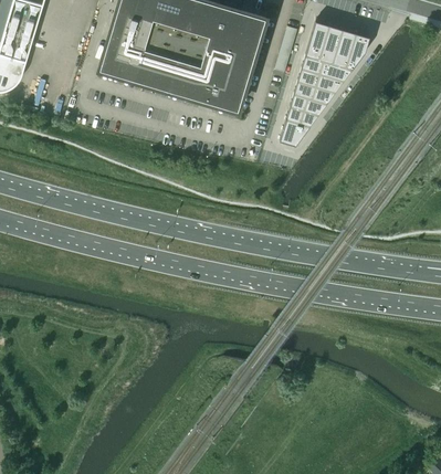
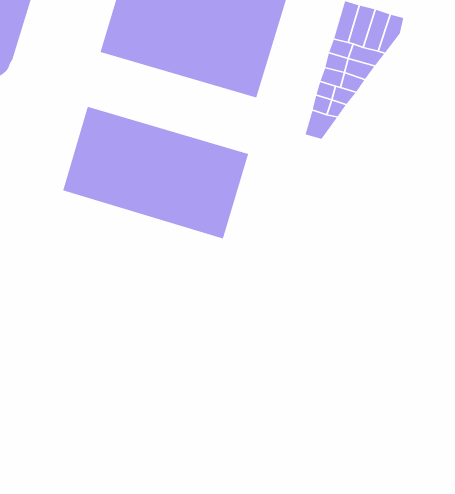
building: none -> [62,106,249,239]

